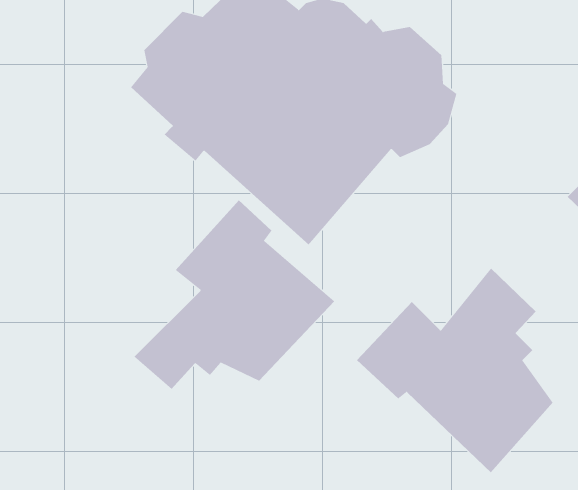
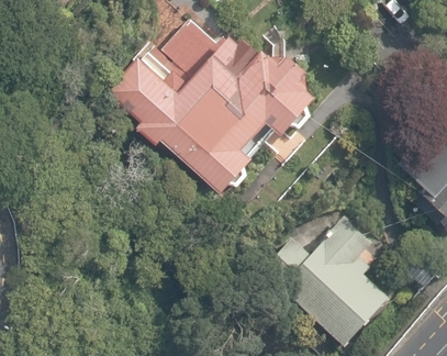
building: [133,200,335,390] -> none

